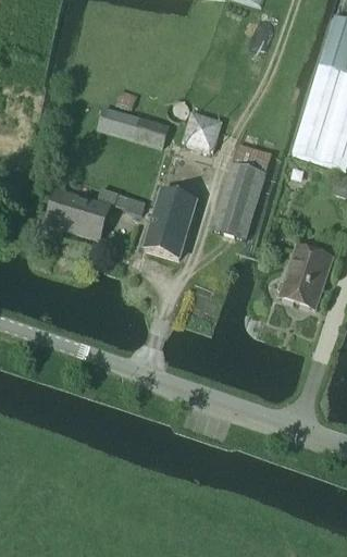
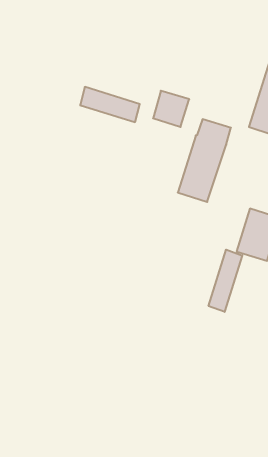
building: [45,187,146,239] -> none
building: [144,190,196,258] -> none
building: none -> [209,250,242,312]

